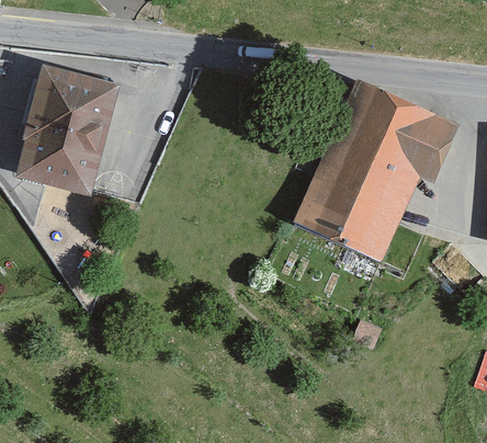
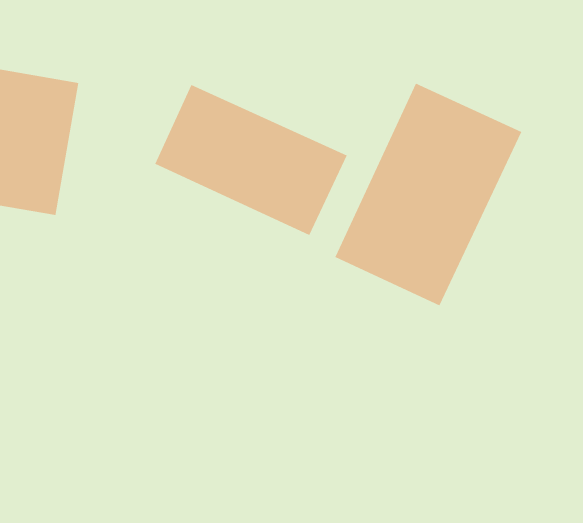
building: none -> [154,84,347,236]

